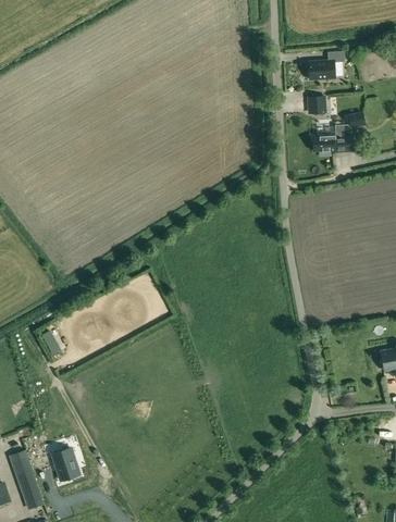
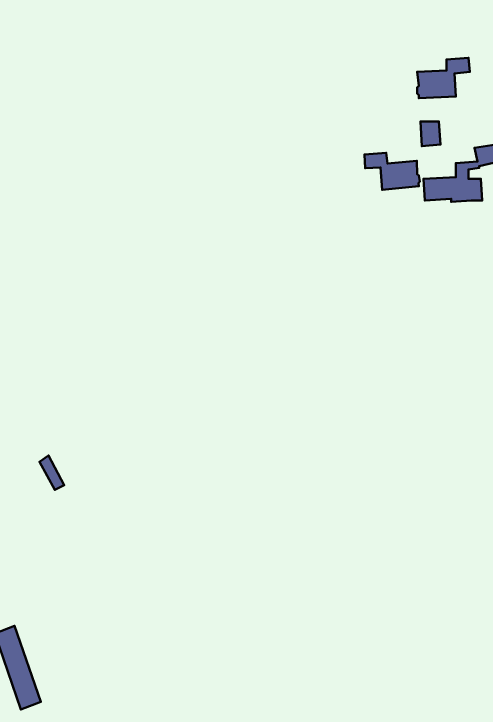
building: none -> [365,153,420,190]
building: [51,447,78,481] -> none

